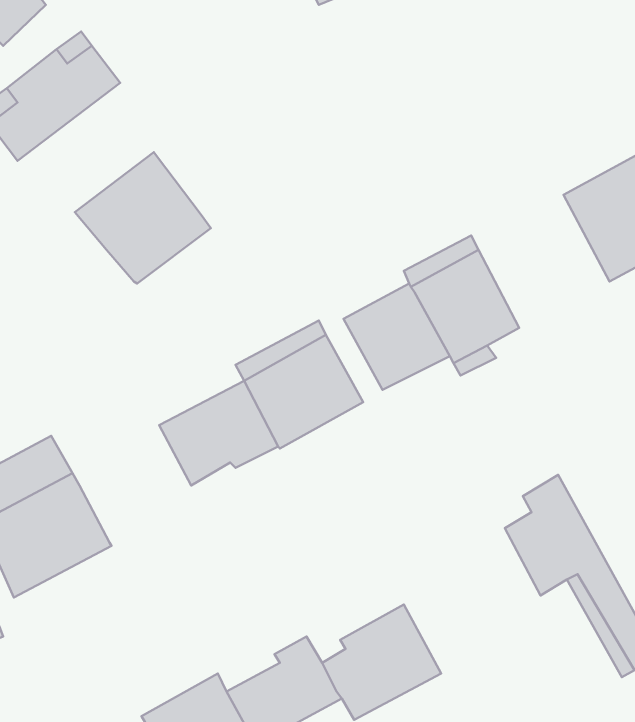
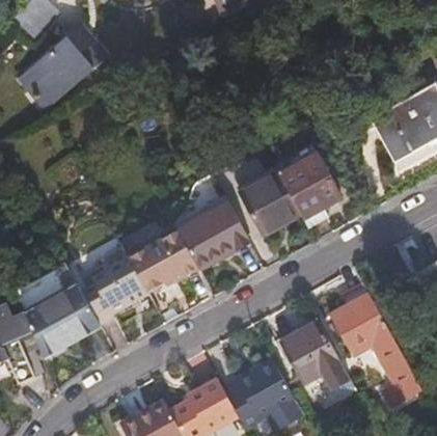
building: [75,152,211,284] -> none
building: none -> [83,251,148,324]
building: none -> [280,323,348,386]

